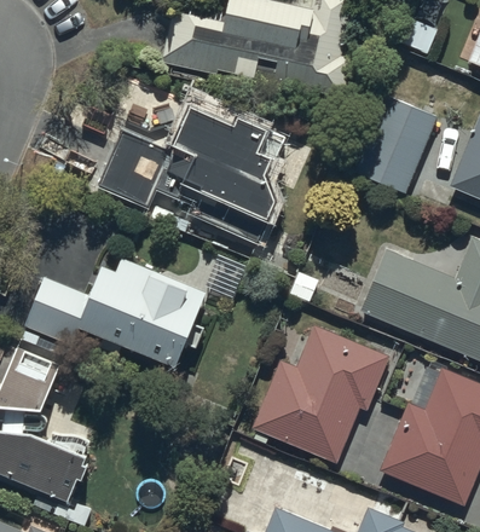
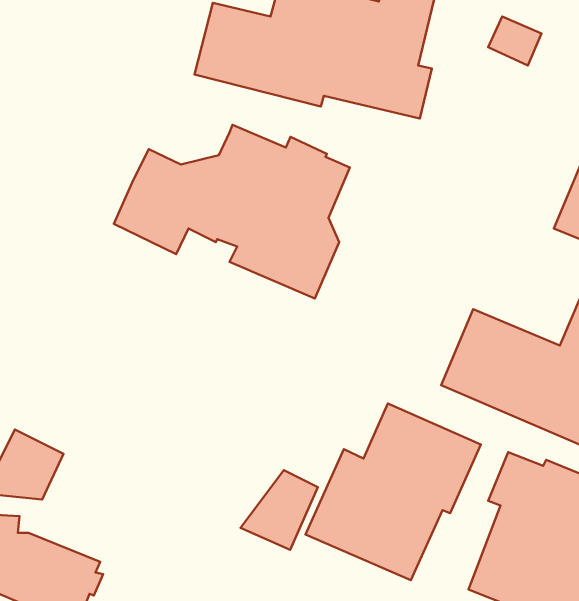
building: [352,94,438,191] -> none
building: [24,260,206,364] -> none
building: none -> [241,470,318,550]

